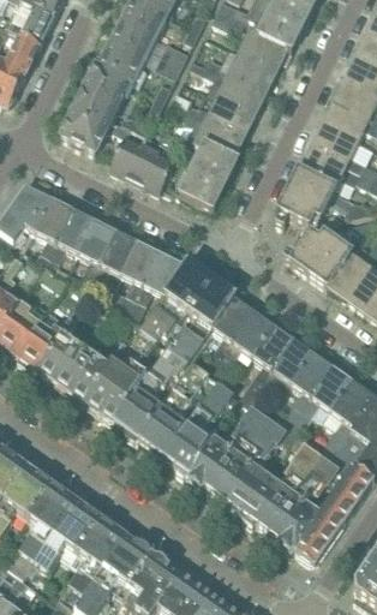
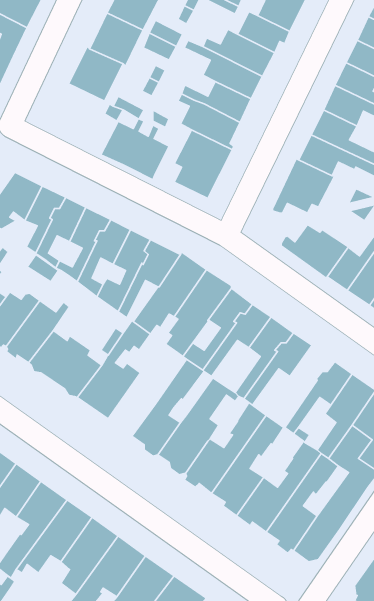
building: [61,98,113,151] -> none
building: [116,347,184,441] -> none
building: [277,351,335,430] -> none

